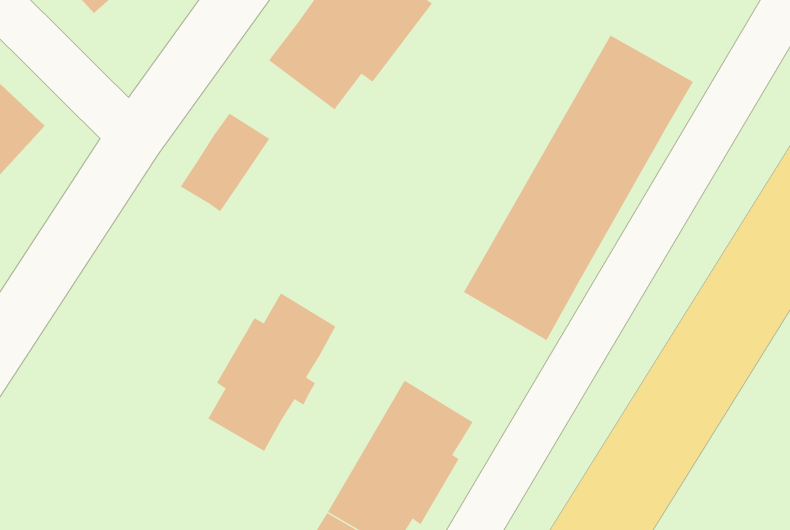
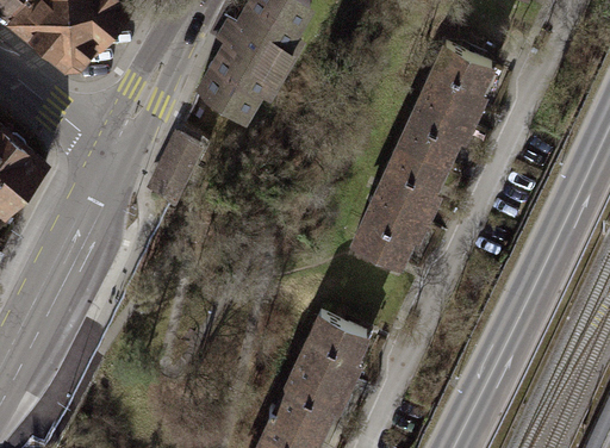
building: [208,293,336,452] -> none

